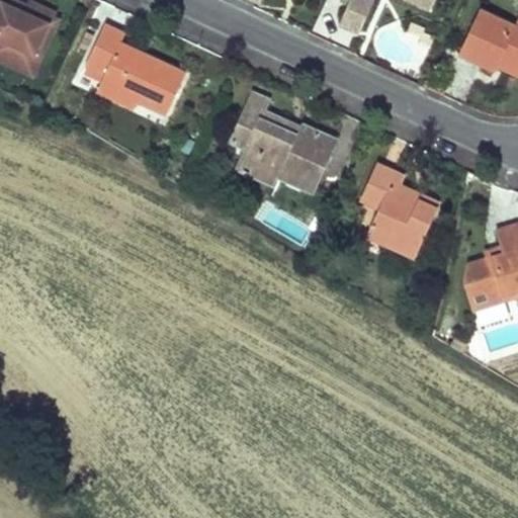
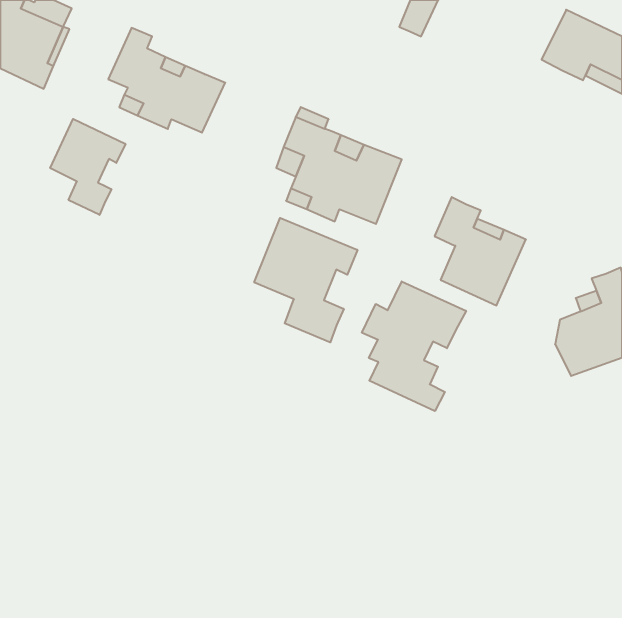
building: none -> [50,119,125,215]
building: none -> [254,218,357,342]
building: none -> [362,281,466,411]

